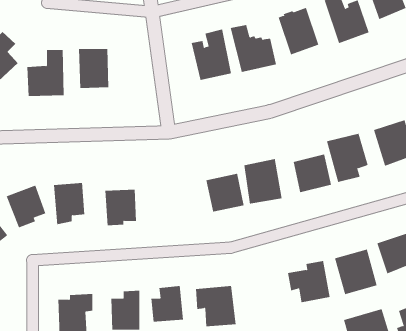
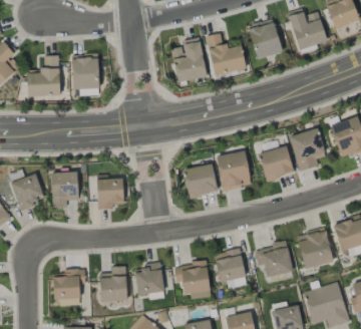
building: none -> [215,249,245,281]

